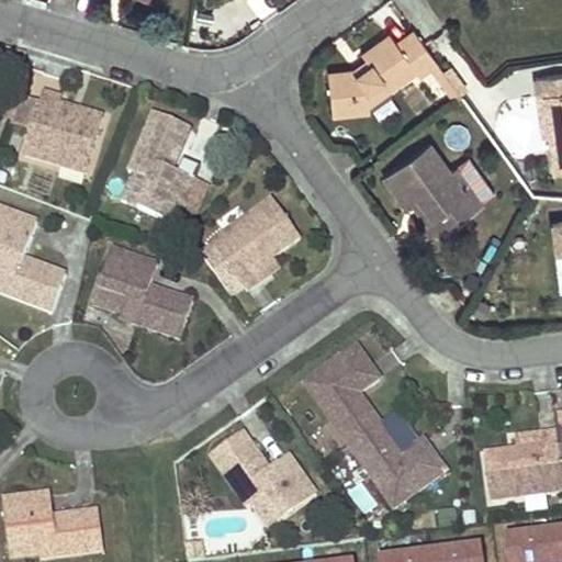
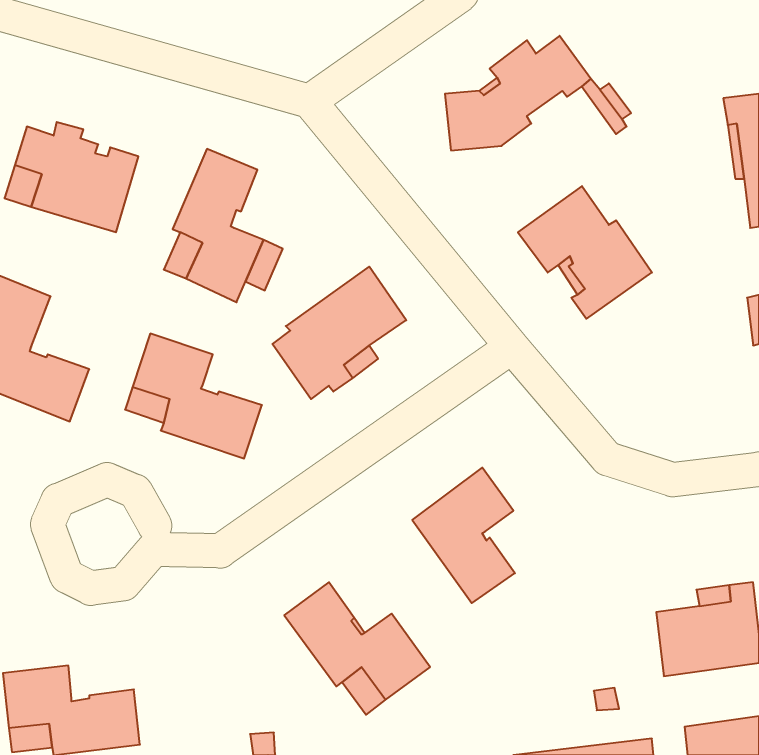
building: [348,411,446,507] -> none

